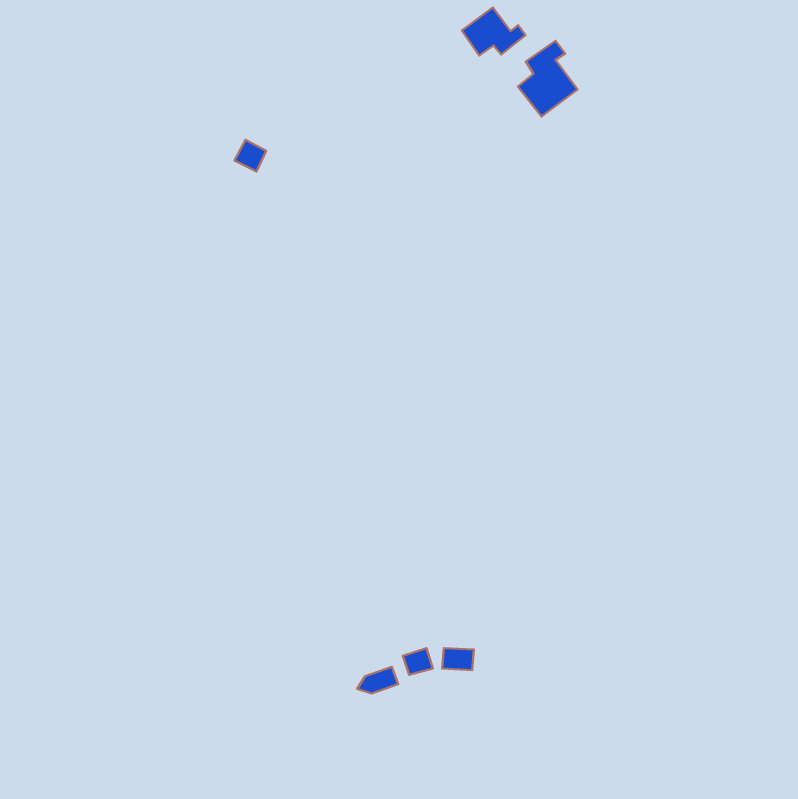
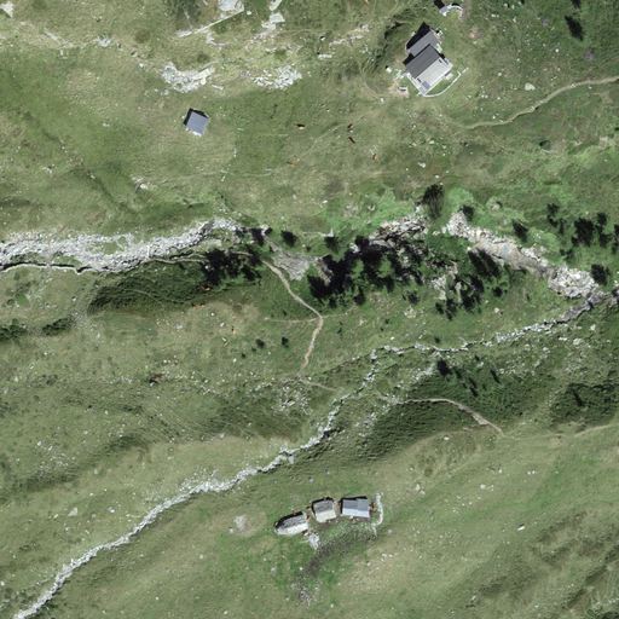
building: [462,7,526,55] -> none

